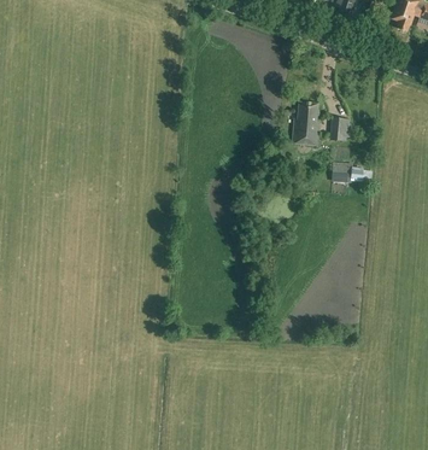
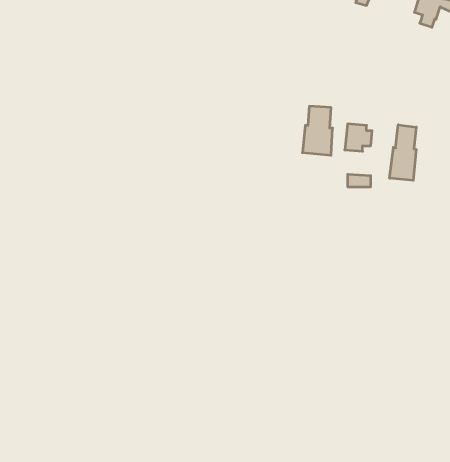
building: none -> [390,125,416,180]

